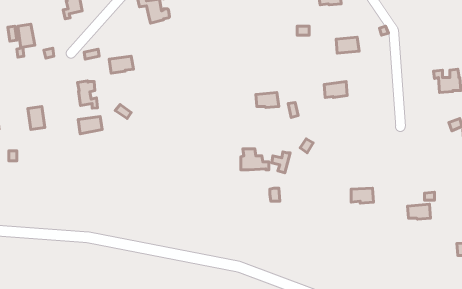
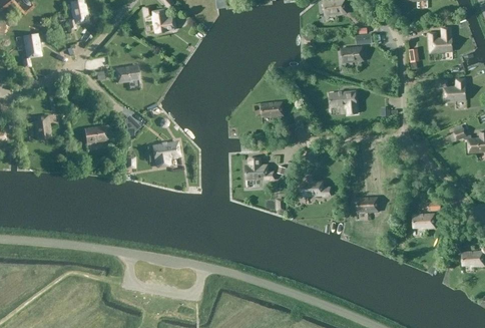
building: none -> [429,27,451,52]
building: [78,81,98,108] -> none
building: none -> [151,141,178,166]
building: none -> [301,178,330,196]

